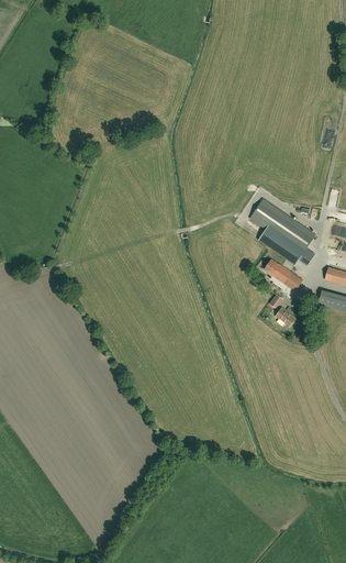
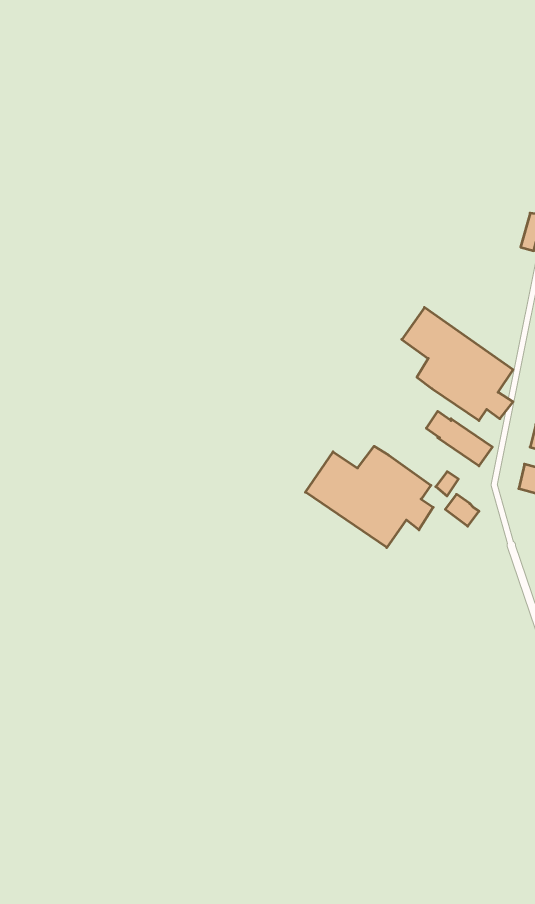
building: none -> [305,446,433,548]

